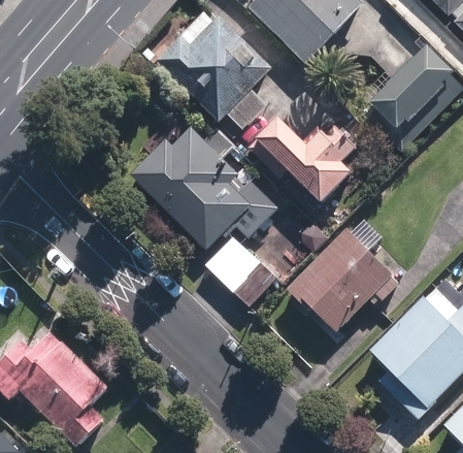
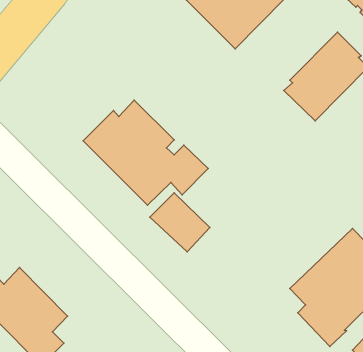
building: [153,14,268,128] -> none
building: [249,116,358,202] -> none
building: [286,217,399,331] -> none

